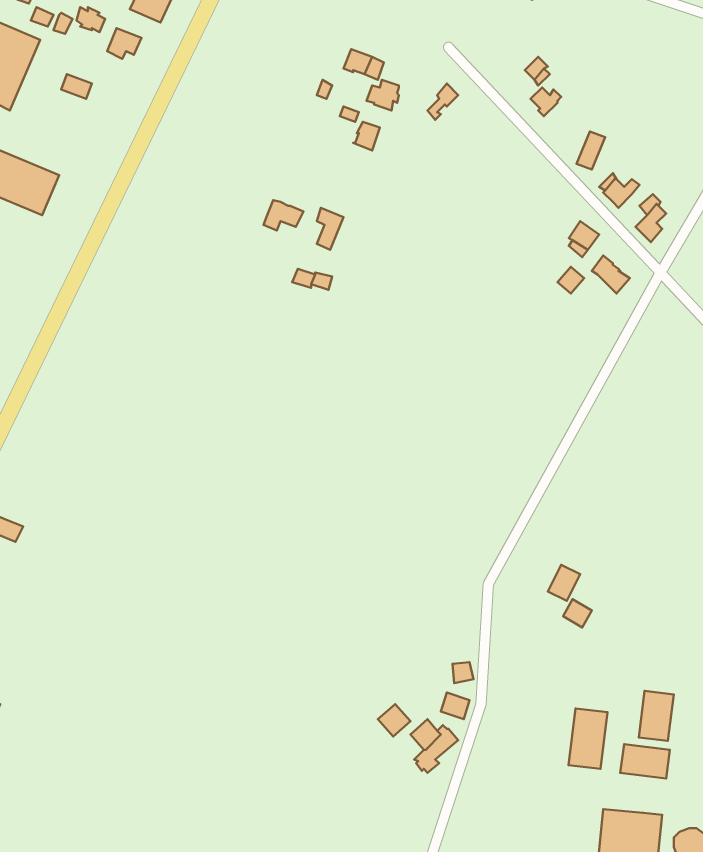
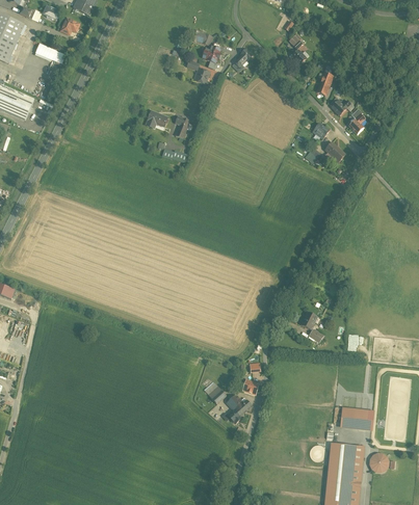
building: [639,691,674,741] -> none
building: [569,709,608,769] -> none

